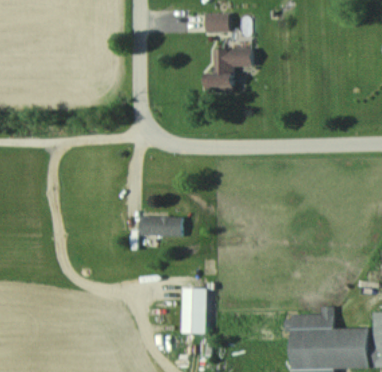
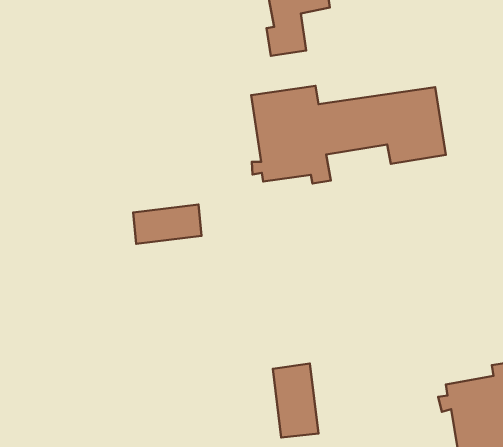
building: none -> [251,86,446,183]
building: [138,216,181,237] -> [133,205,202,244]

